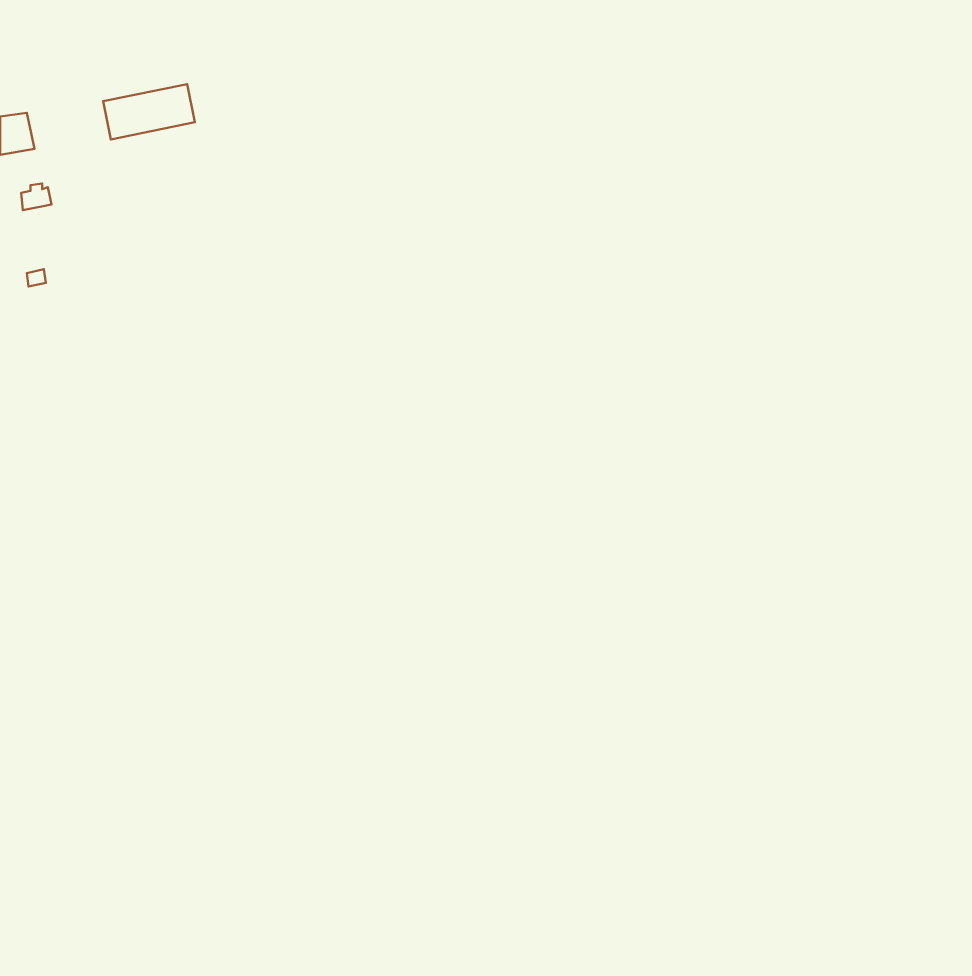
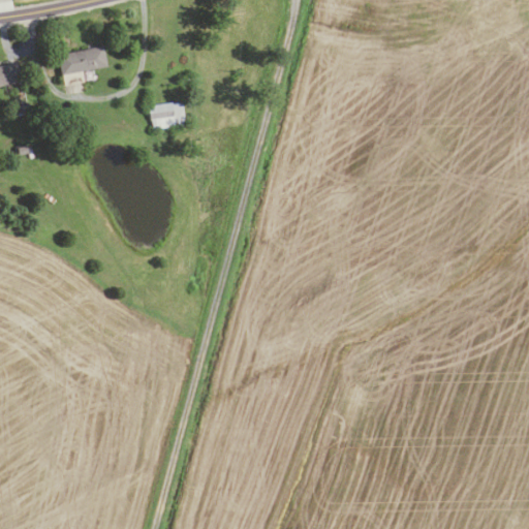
building: none -> [150,101,186,130]

